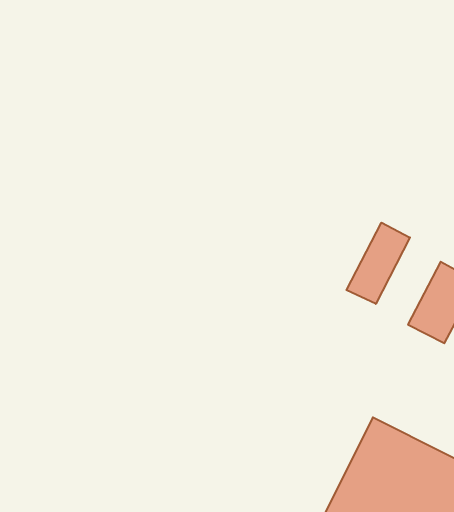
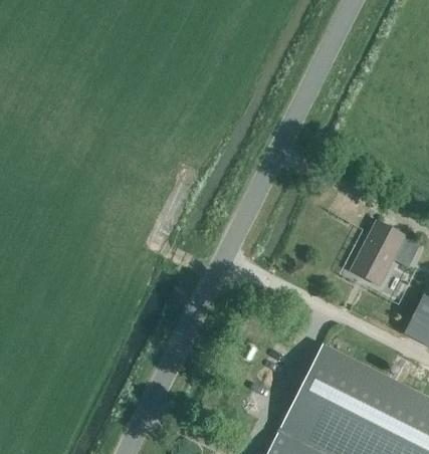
building: [346,223,410,304] -> none

